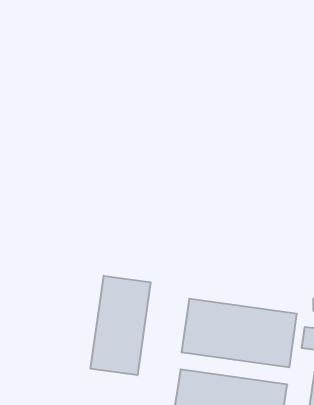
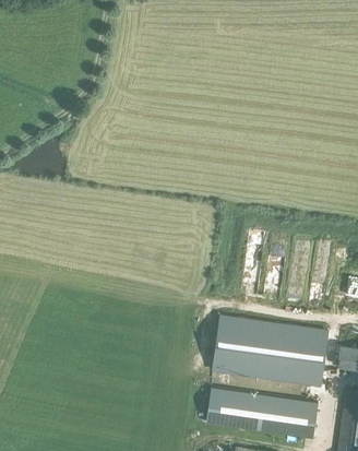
building: [91,276,151,375] -> none

